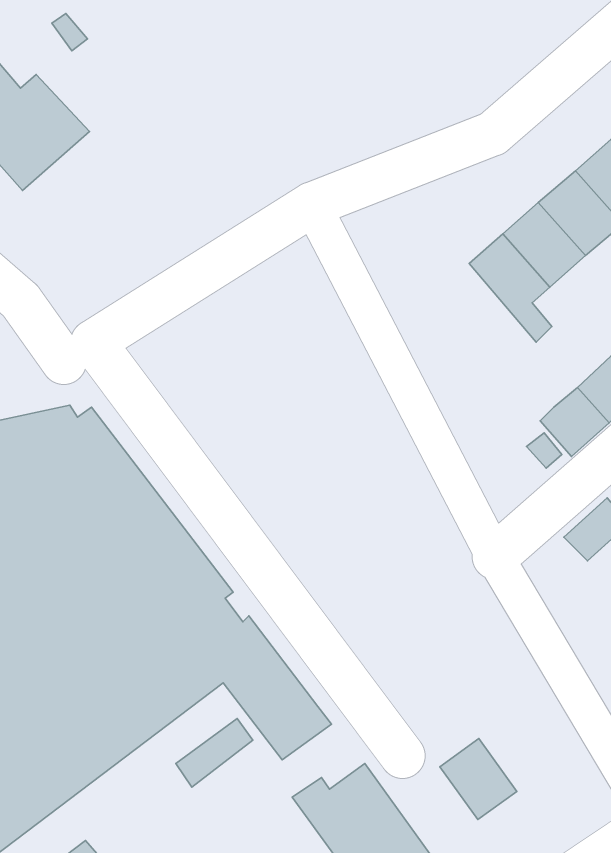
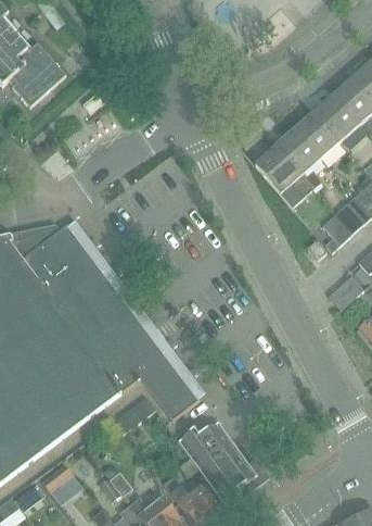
building: none -> [255,146,312,206]
building: [440,739,517,820] -> none

